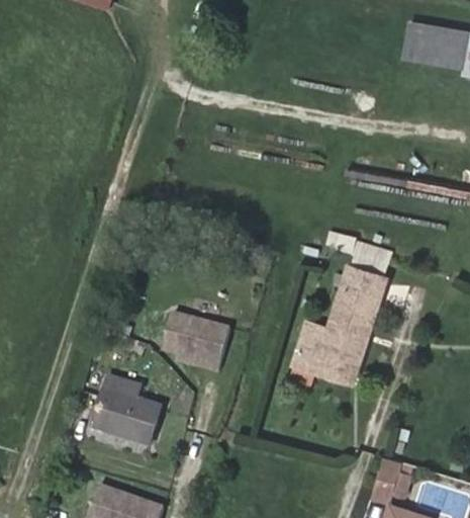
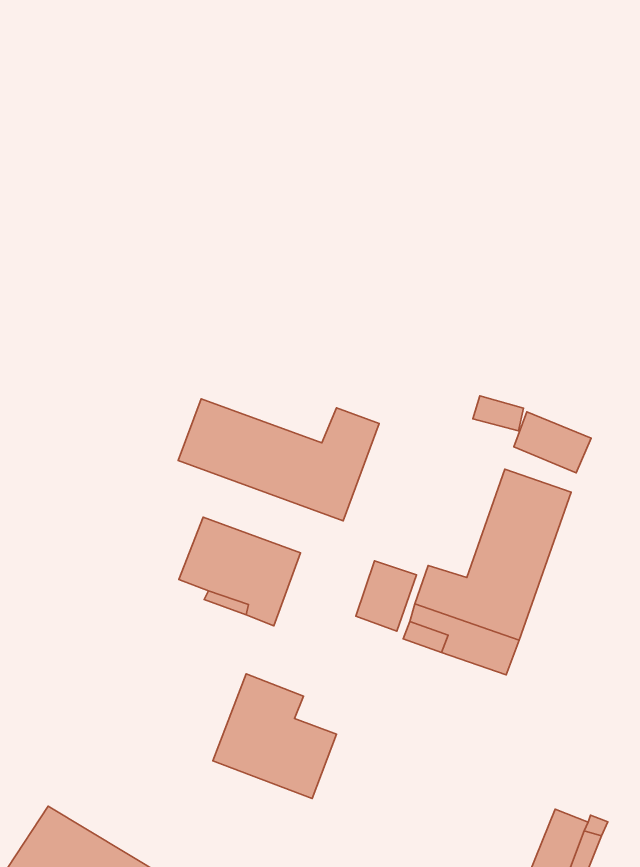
building: none -> [178,399,379,521]
building: none -> [356,561,416,631]
building: [94,376,163,444] -> [213,674,336,799]

